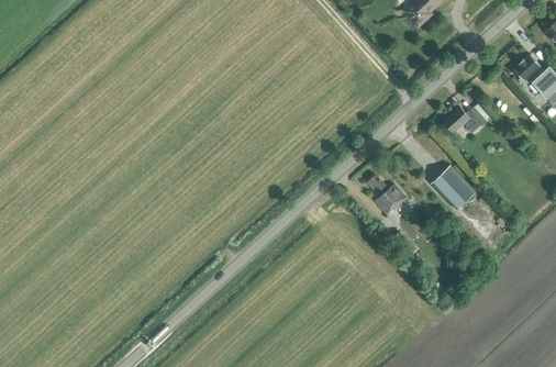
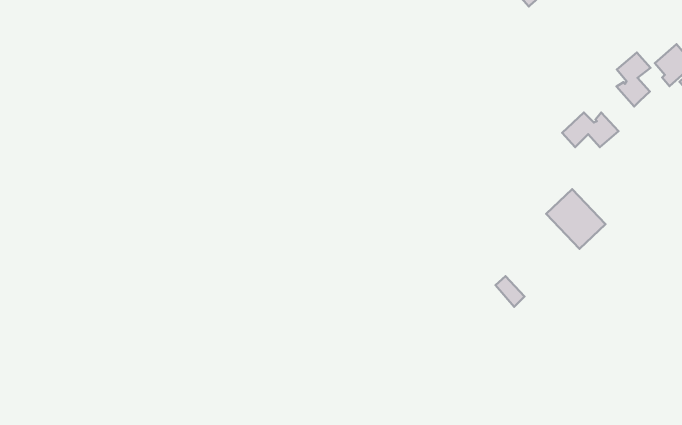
building: none -> [617,53,650,107]
building: [370,175,410,214] -> none

